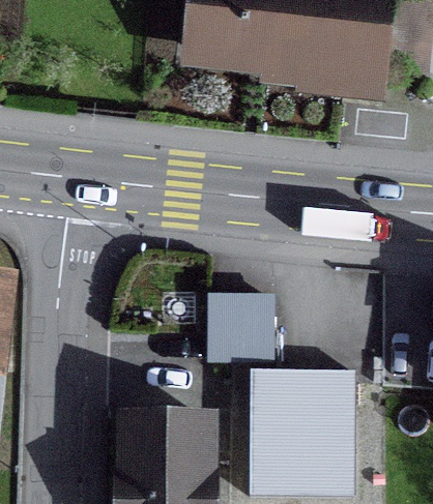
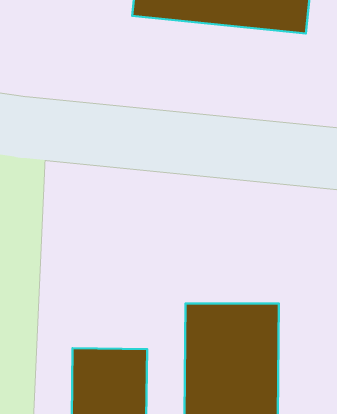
building: [206,300,269,363] -> none

